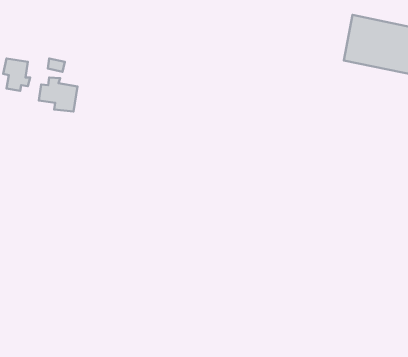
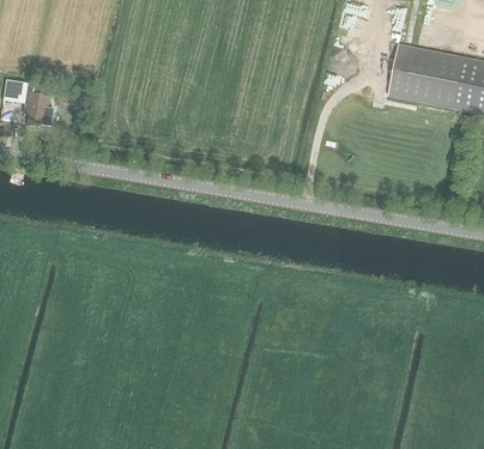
building: [39,77,77,111] -> none

